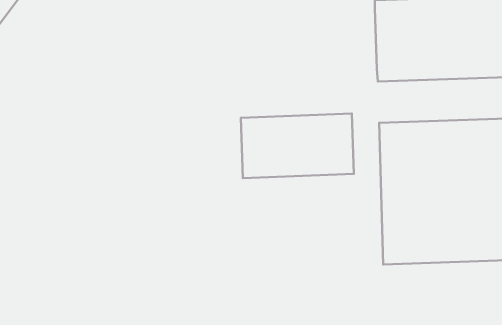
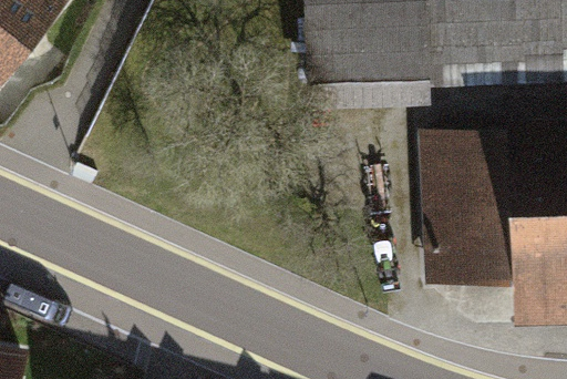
building: [241,114,354,178] -> [311,10,430,78]

